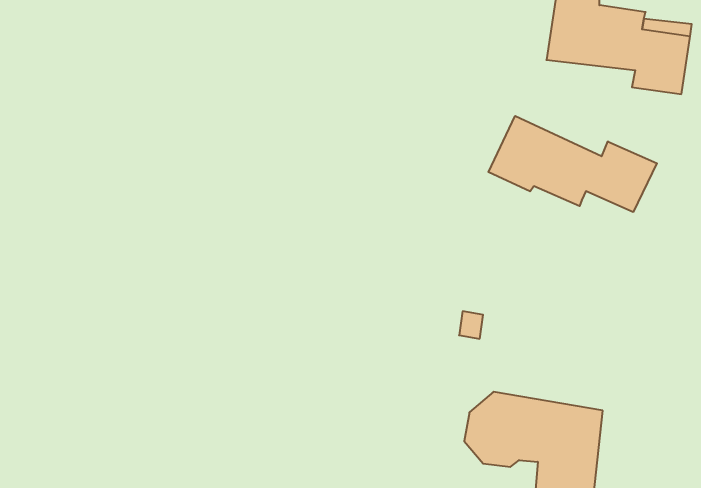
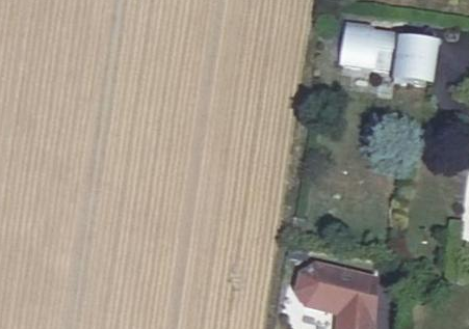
building: [488,116,657,212] -> none

